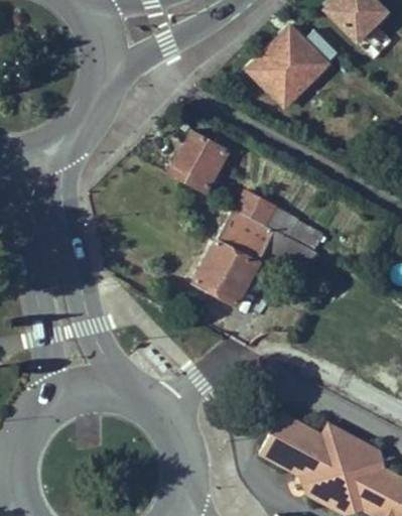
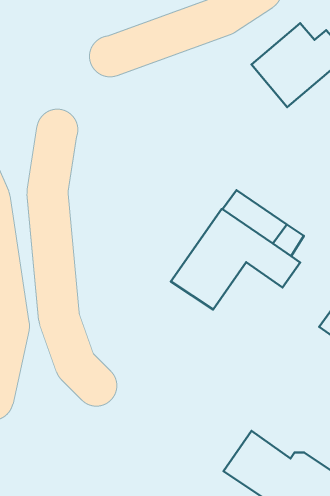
building: [171,131,229,191] -> none

